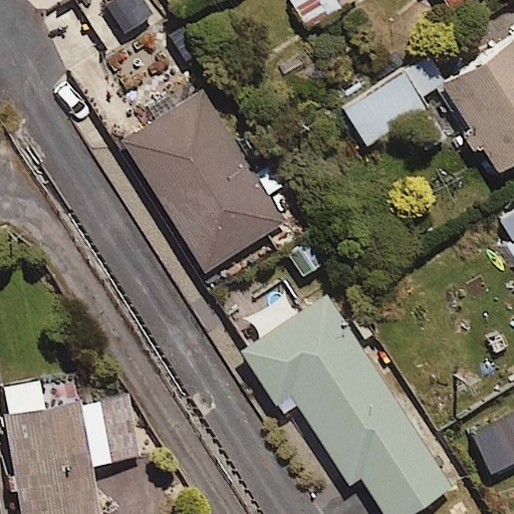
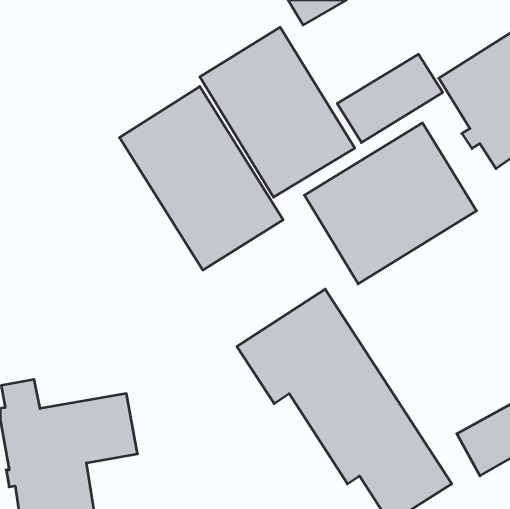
building: none -> [200,27,355,197]
building: none -> [304,123,477,284]

